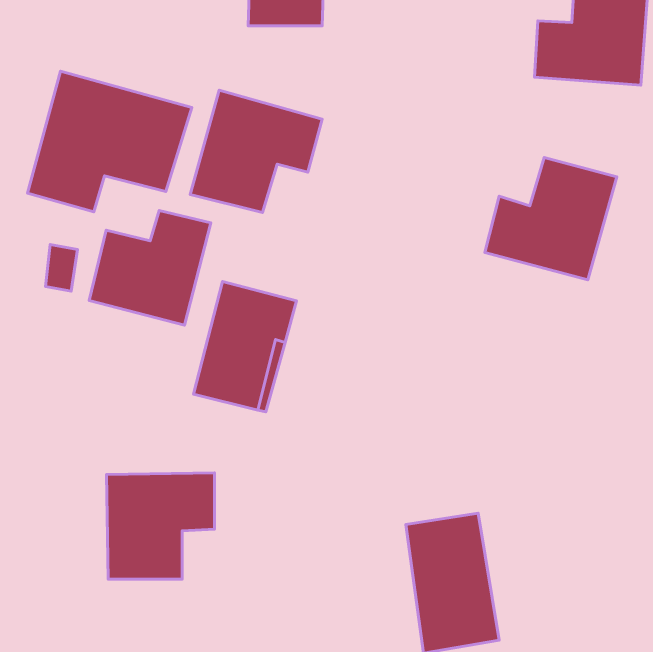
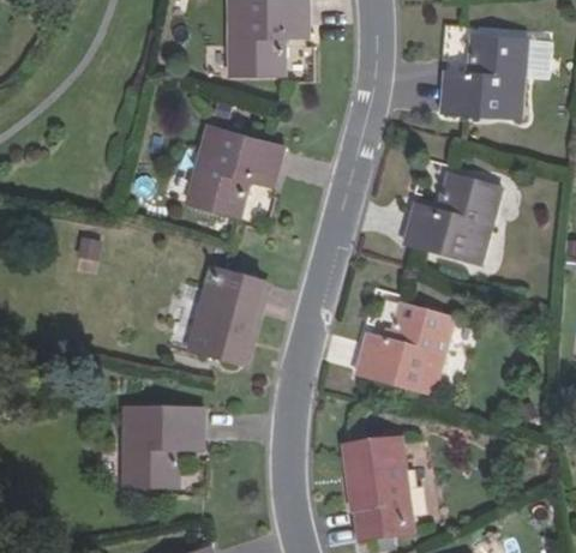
building: [27,71,192,212] -> none
building: [89,211,211,325] -> none
building: none -> [356,303,454,395]

